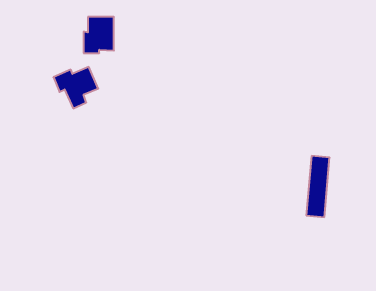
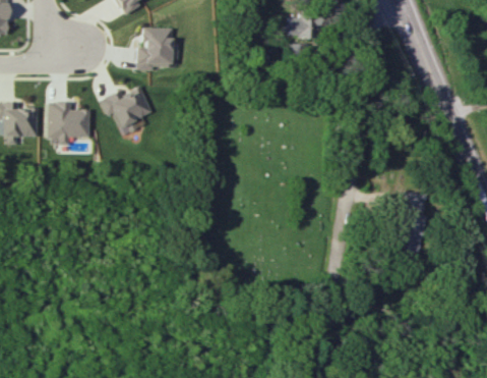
building: none -> [288,17,316,38]
building: none -> [46,103,89,147]

